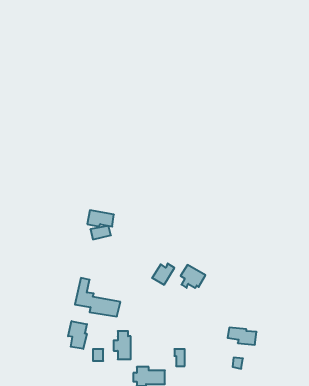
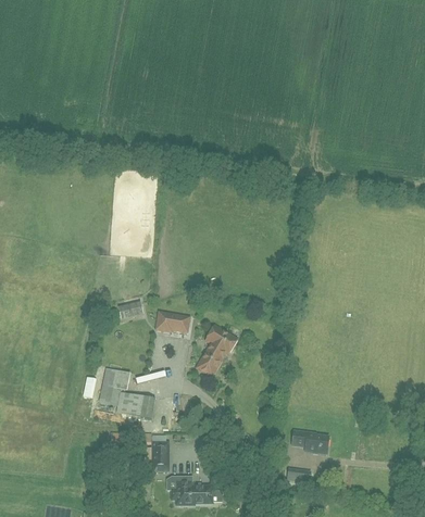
building: [87,210,114,227] -> [157,312,190,332]
building: [181,265,205,288] -> [207,326,238,355]
building: [68,321,87,349] -> none

